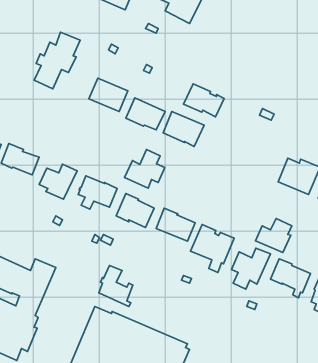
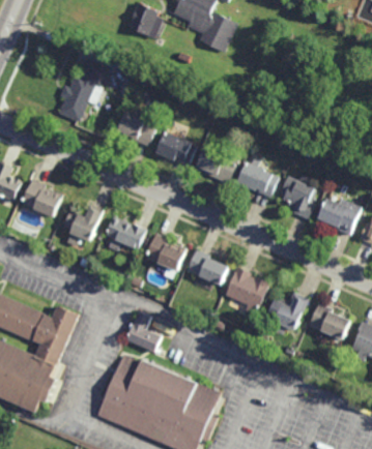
building: [183,84,224,117] -> [235,162,279,198]
building: none -> [279,175,315,219]
building: [124,149,165,188] -> none
building: [256,219,292,253] -> none

